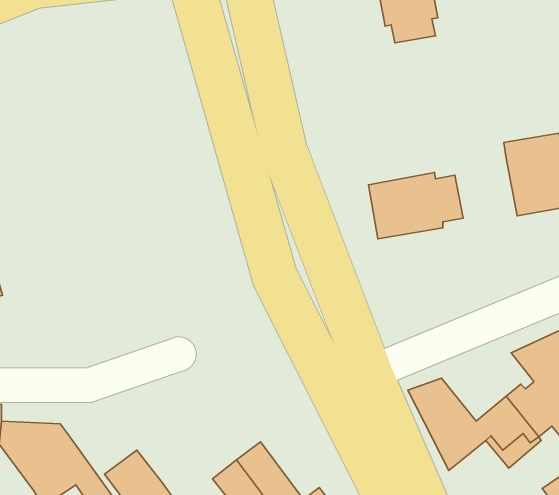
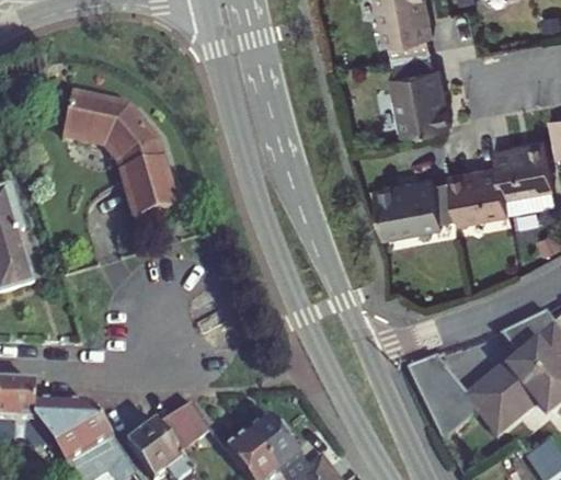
building: none -> [388,47,448,130]
building: none -> [53,83,186,217]
building: none -> [446,159,504,220]
building: none -> [157,405,211,455]

